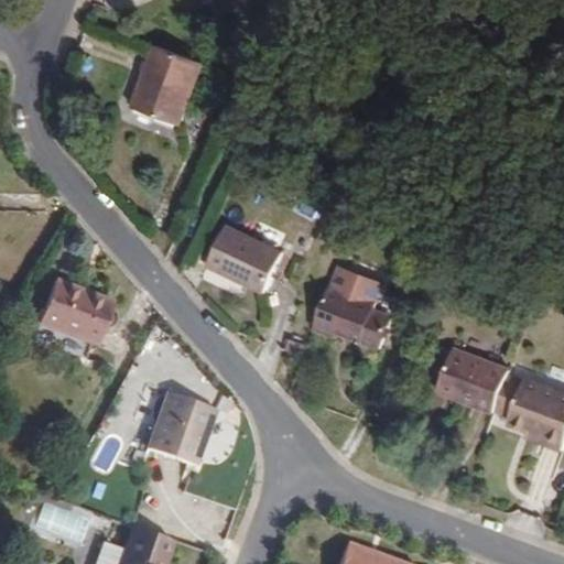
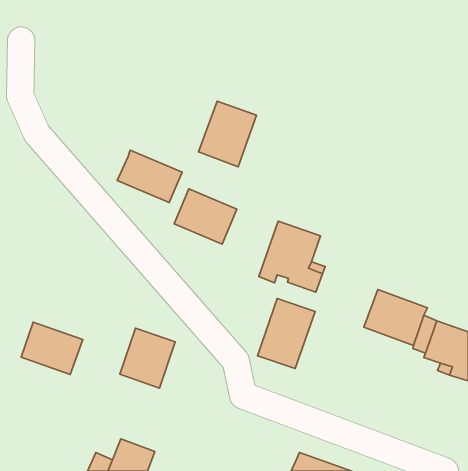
building: [141,40,210,118] -> [199,101,257,167]
building: none -> [117,150,182,203]
building: [33,283,107,346] -> [21,322,83,375]
building: none -> [257,299,315,369]

